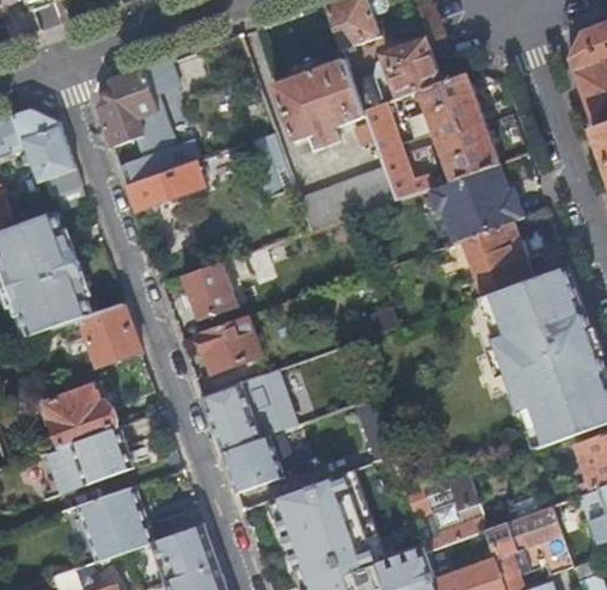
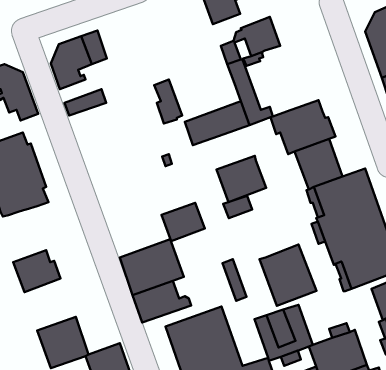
building: [275,59,373,149] -> none
building: [418,72,499,179] -> none
building: [127,160,208,211] -> none
building: none -> [216,156,266,202]
building: [183,262,239,320] -> none
building: [59,305,140,367] -> none
building: [197,315,262,373] -> [161,203,205,241]
building: none -> [259,245,317,306]
building: [44,426,131,494] -> none

